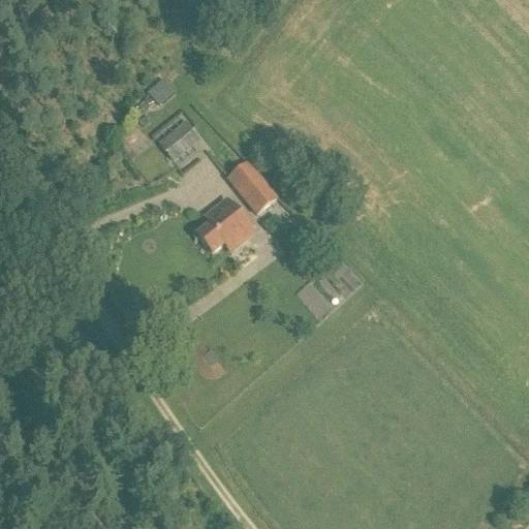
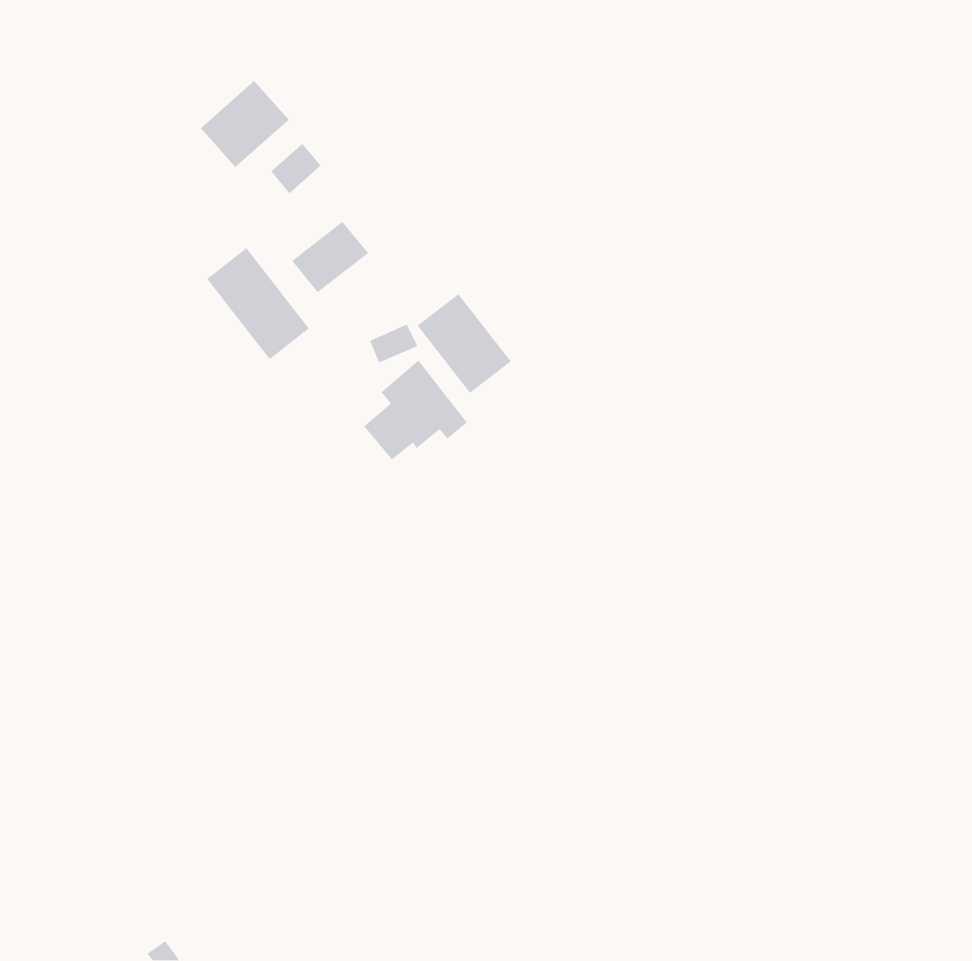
building: none -> [200,80,289,168]
building: none -> [206,247,310,360]

